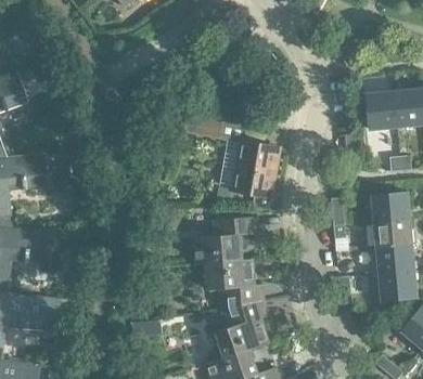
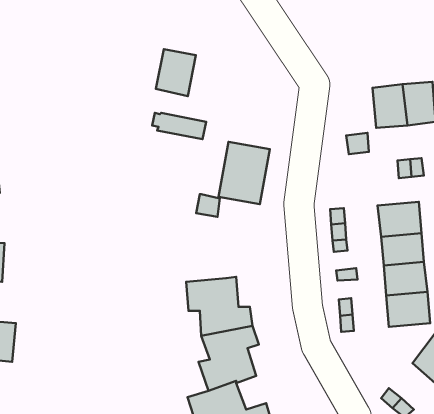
building: none -> [156,49,196,96]
building: [195,207,257,262] -> none

